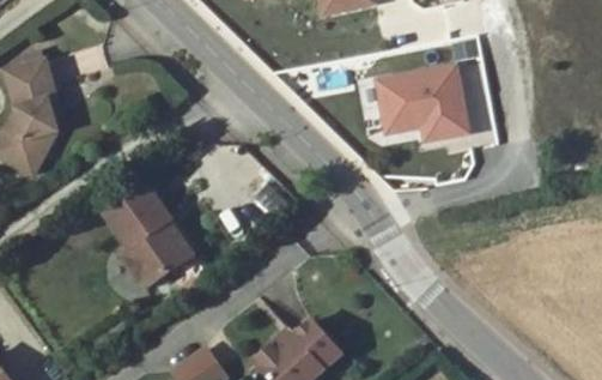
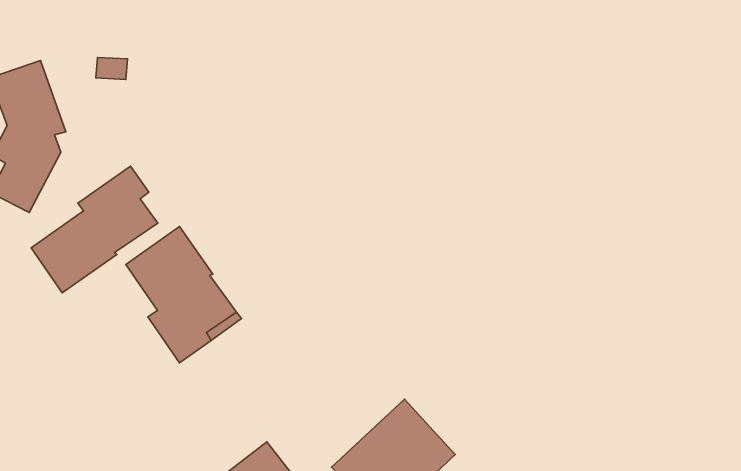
building: [377,61,476,145] -> none
building: none -> [31,166,158,293]

